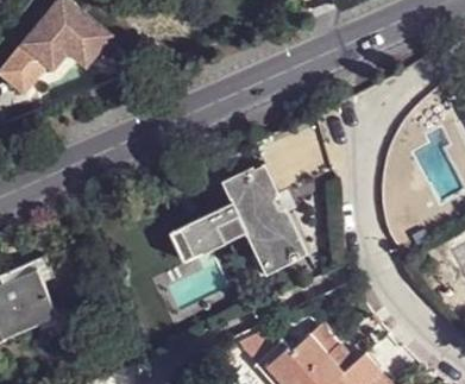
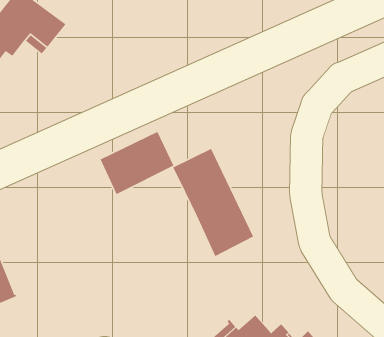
building: [166,196,246,264] -> [99,131,175,195]

